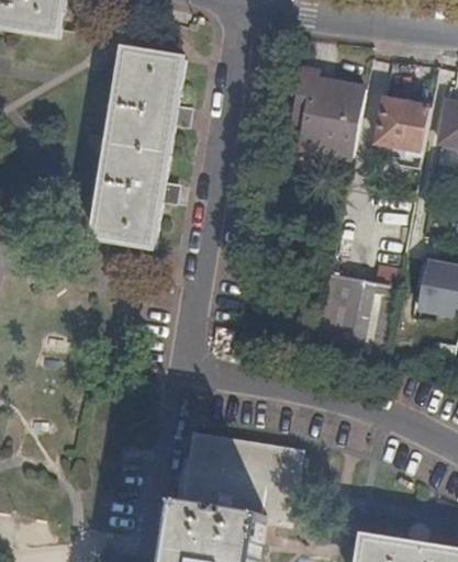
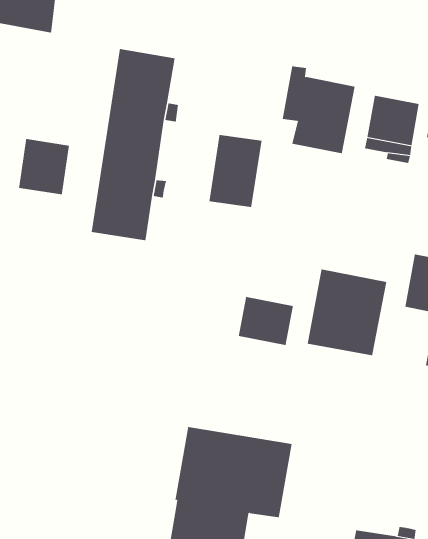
building: none -> [209,134,262,208]
building: none -> [18,138,70,195]
building: none -> [238,296,293,346]

